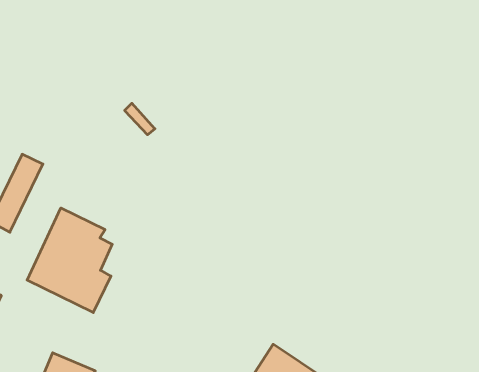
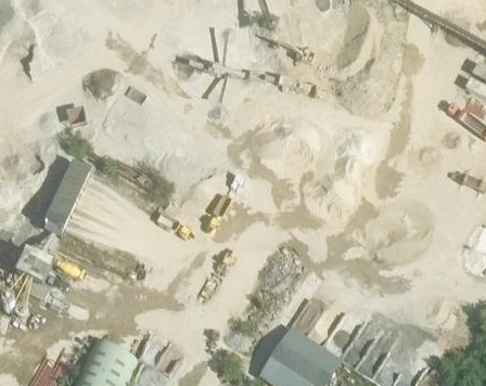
building: [27,208,112,313] -> none

